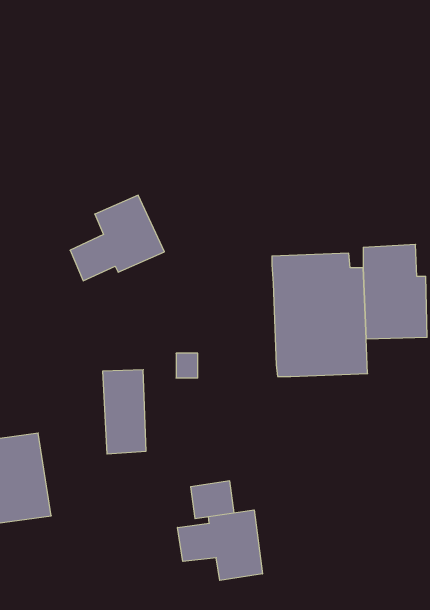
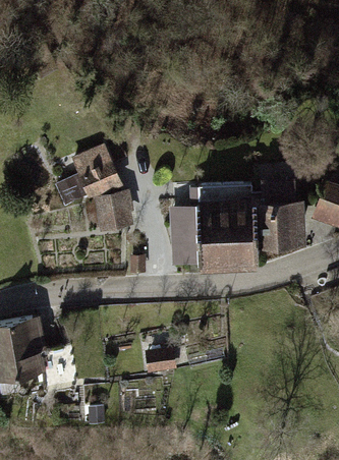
building: none -> [94,193,132,233]
building: [103,370,146,454] -> [169,209,200,268]
building: [178,510,262,580] -> none

